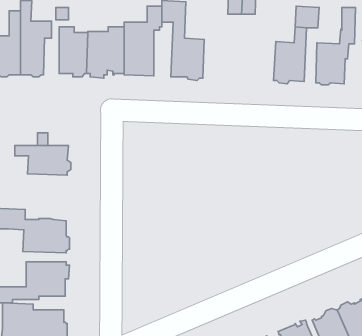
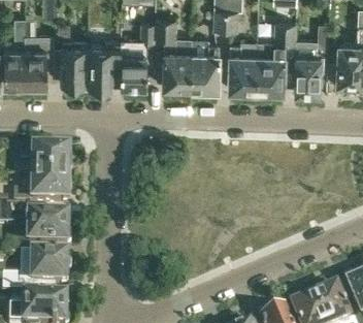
building: none -> [191,39,219,91]
building: none -> [228,42,258,93]
building: none -> [14,175,70,202]

